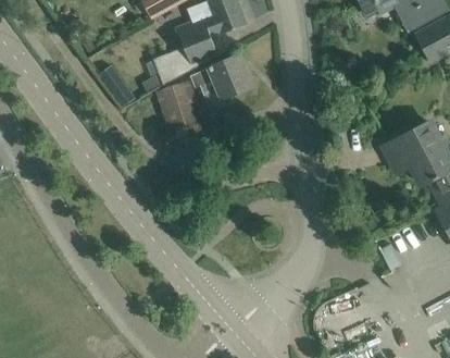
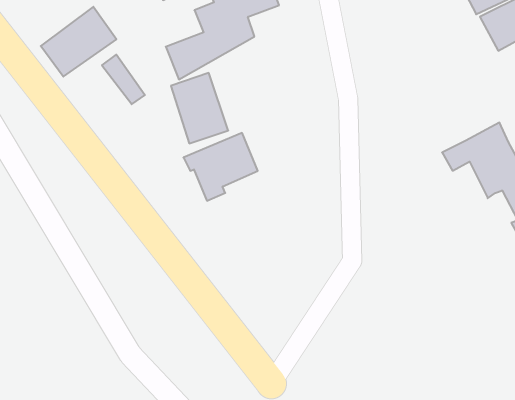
building: none -> [41,7,116,77]
building: [189,54,251,111] -> [183,133,258,201]

